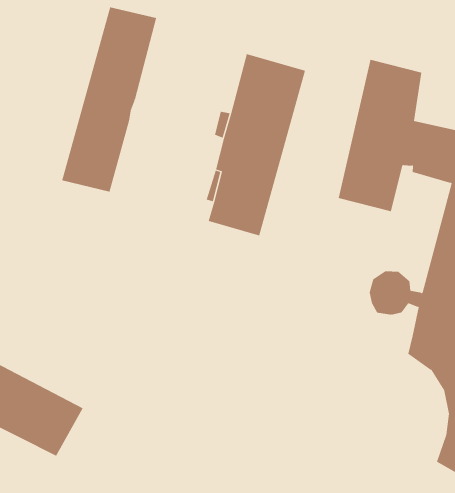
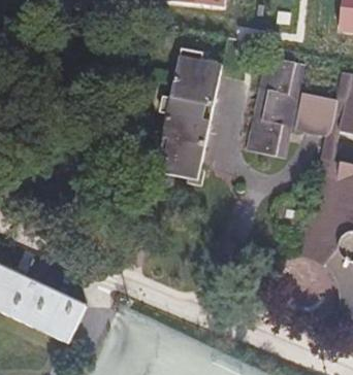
building: [61,6,157,193] -> none

